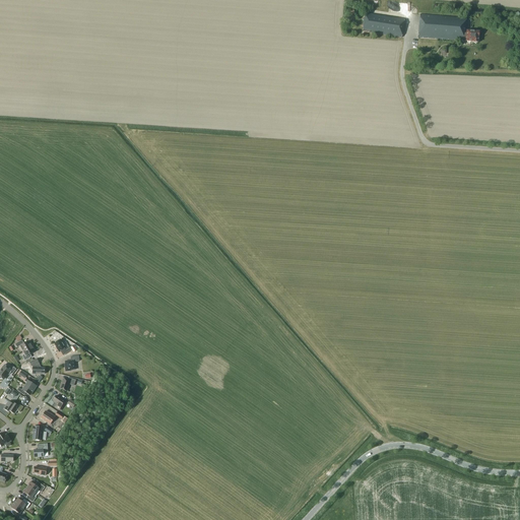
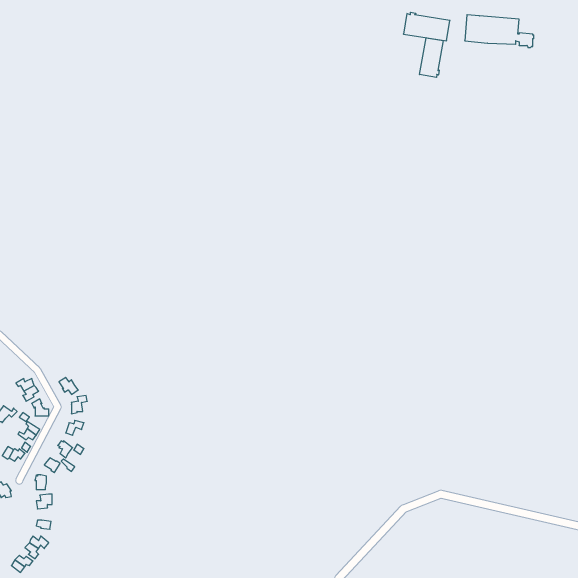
building: none -> [420,38,443,77]

